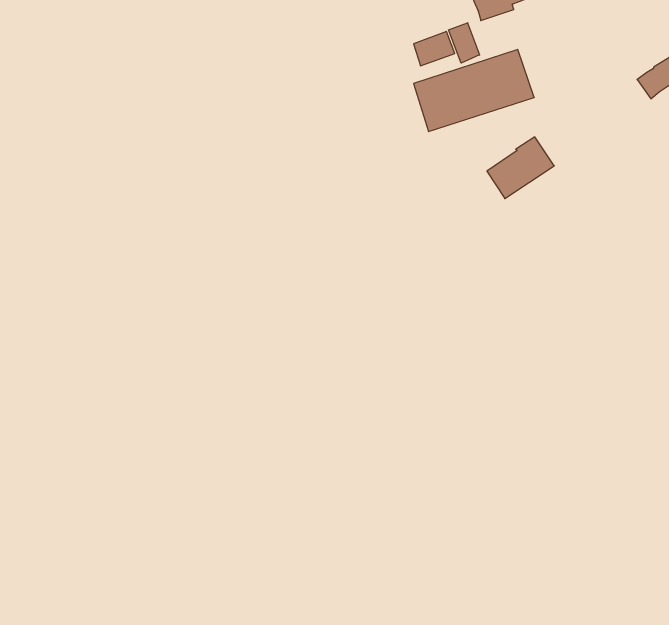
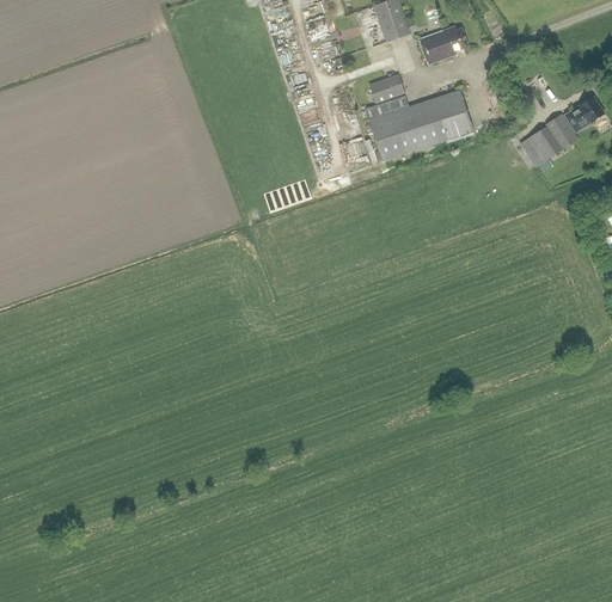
building: [448,23,480,63] -> none
building: [487,137,554,199] -> [519,113,577,167]

